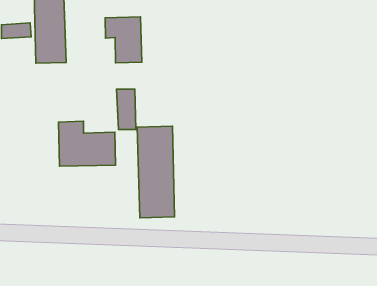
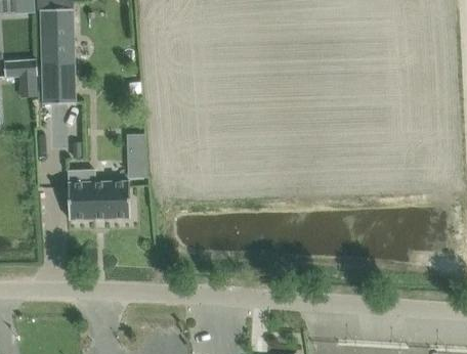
building: [105,17,142,63] -> none
building: [137,126,174,218] -> none

